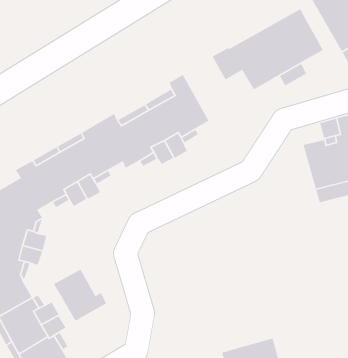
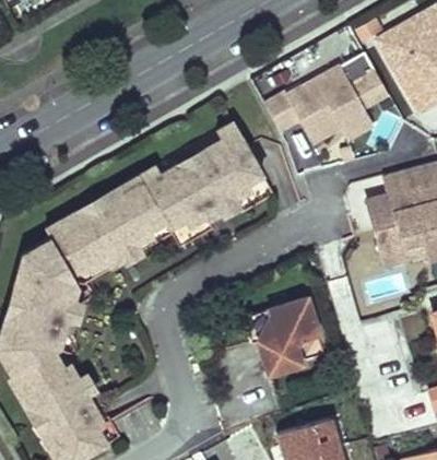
building: none -> [250,299,326,375]
building: [53,268,107,322] -> none

